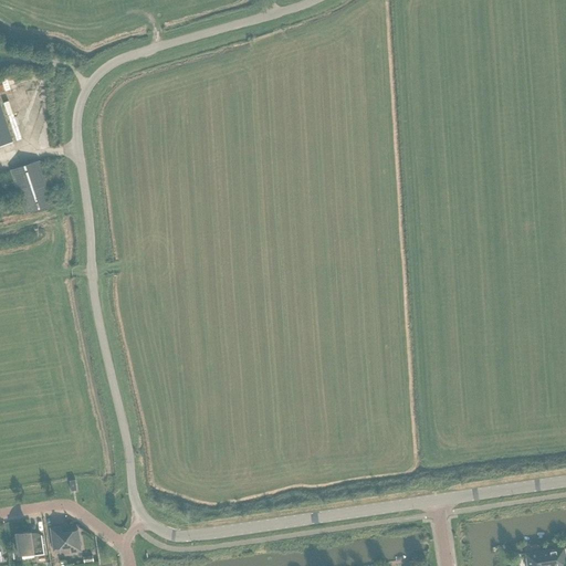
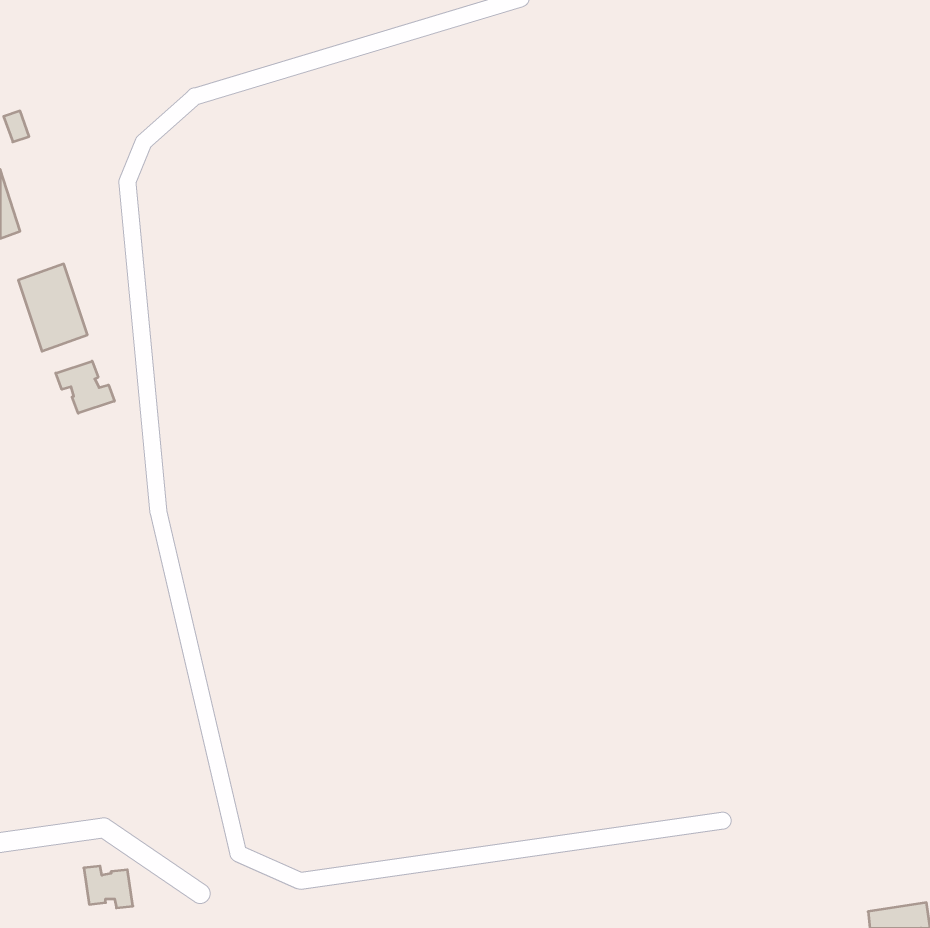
building: none -> [56,361,114,413]
building: [12,531,44,557] -> none

